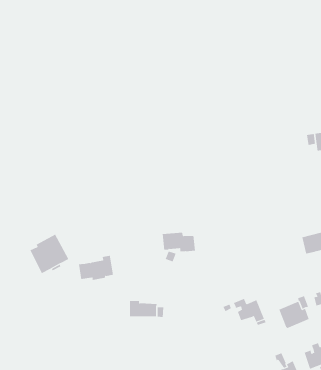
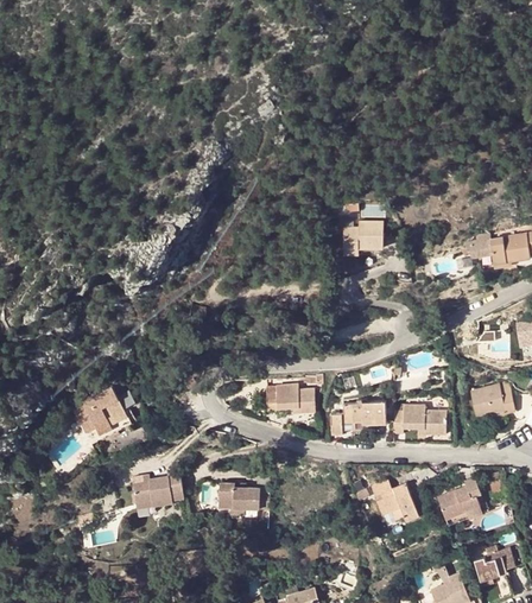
building: none -> [343,222,384,248]
building: none -> [330,401,386,434]
building: none -> [392,406,445,436]
building: [78,255,114,280] -> [132,470,184,507]

